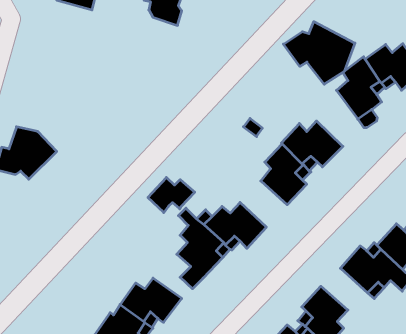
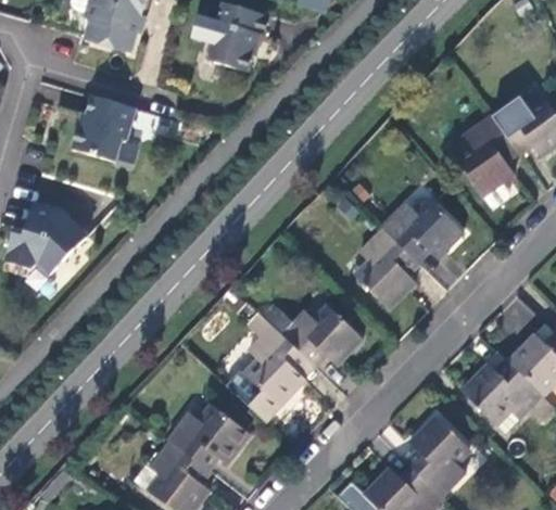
building: [283,22,355,84] -> none
building: none -> [67,93,136,162]
building: [148,177,195,213] -> none

